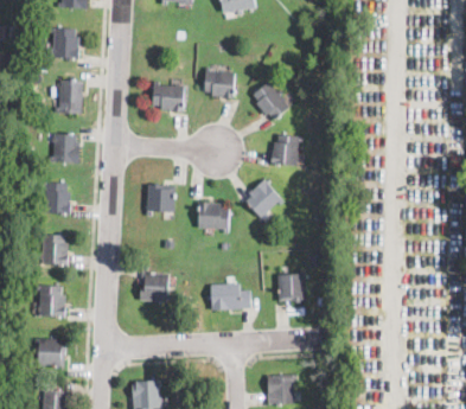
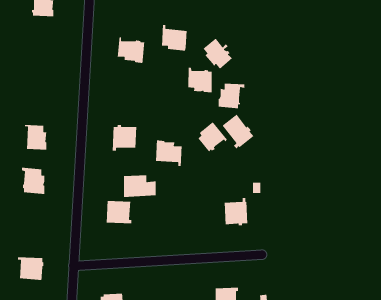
building: [55,81,83,115] -> none
building: none -> [188,67,213,93]
building: [49,134,79,164] -> none
building: none -> [222,113,255,149]
building: [211,283,250,311] -> [123,175,156,198]
building: [37,285,65,318] -> none

